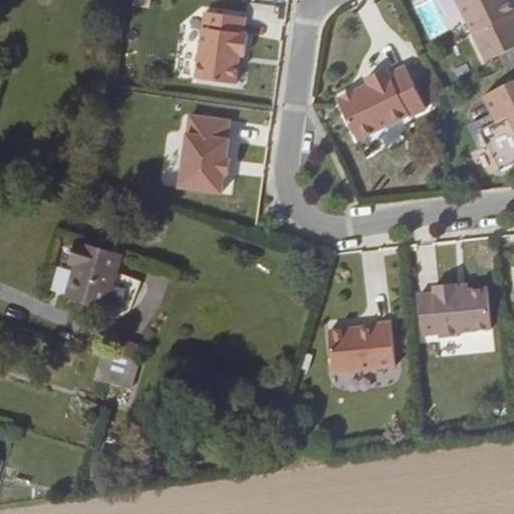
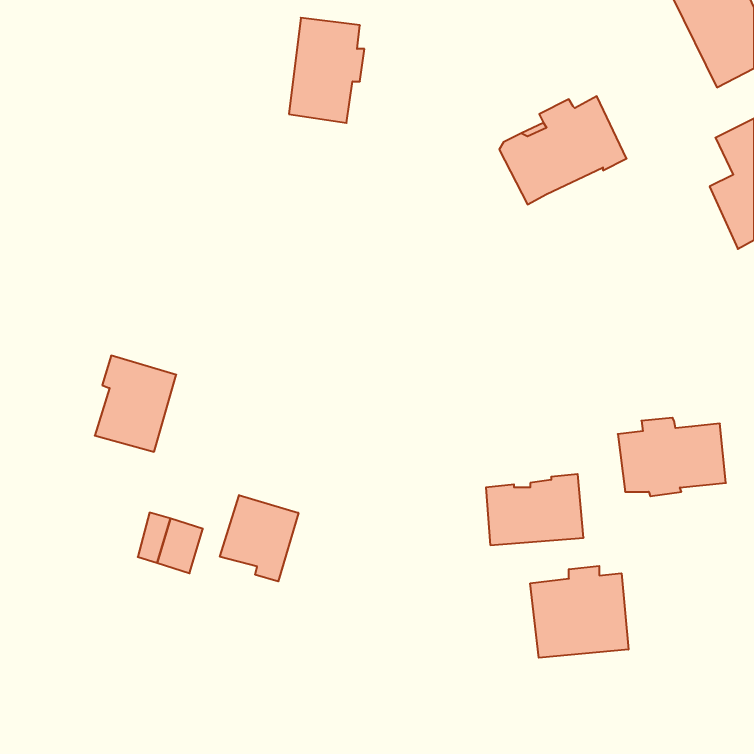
building: [177,115,229,192] -> none
building: none -> [220,495,298,581]
building: none -> [530,566,628,658]

